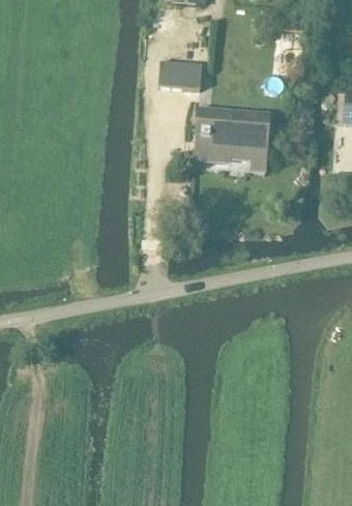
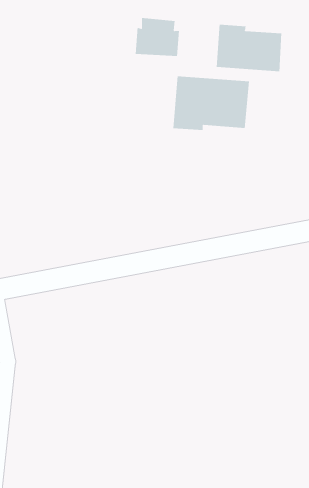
building: none -> [216,24,282,72]

